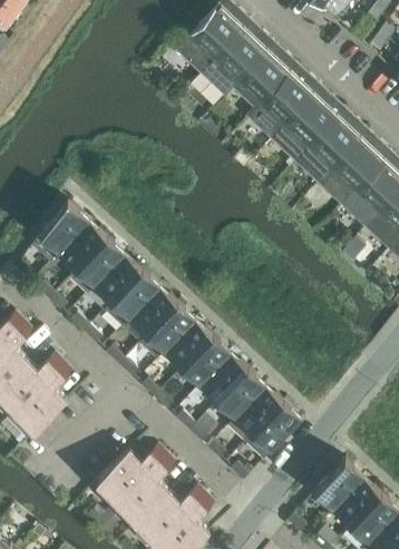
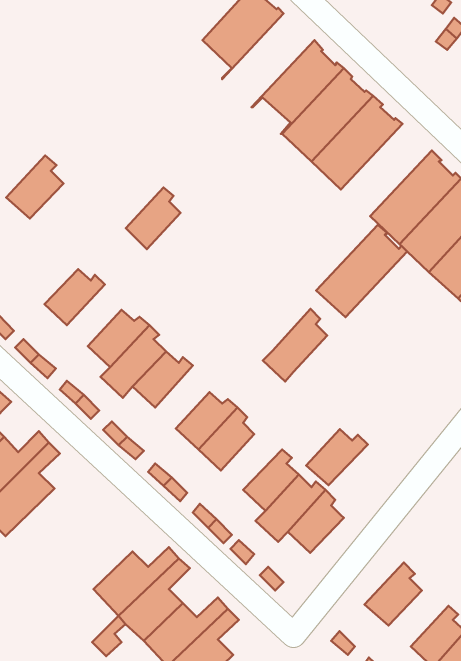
building: [201,22,274,97] -> none
building: [295,110,368,184] -> [316,225,407,317]
building: [40,204,86,254] -> [6,156,63,218]
building: [77,238,120,287] -> [126,188,180,249]
building: [139,303,191,361] -> [263,309,327,382]
building: [200,357,249,402] -> [306,429,368,485]
building: [333,482,381,527] -> none

